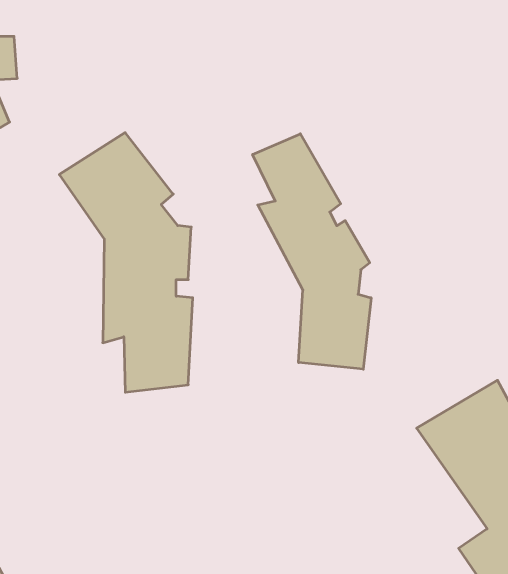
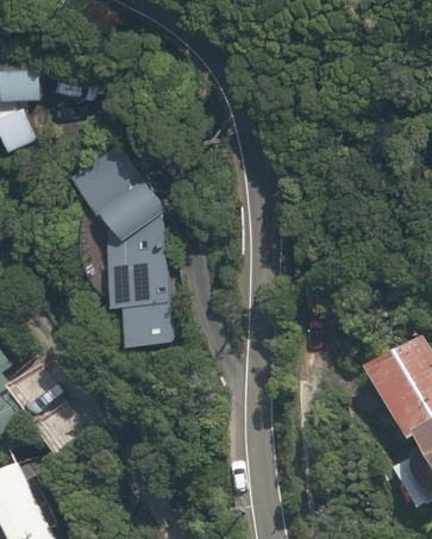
building: [253,134,371,369] -> none

